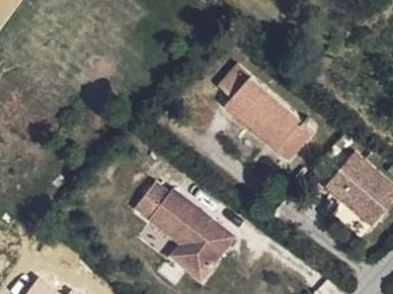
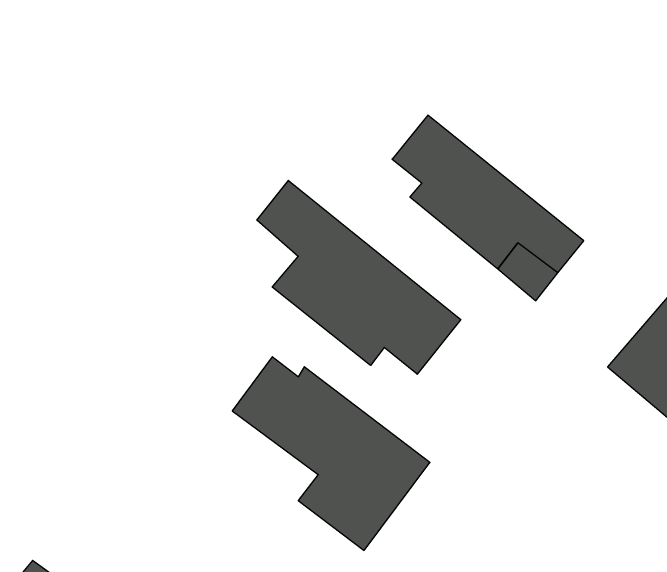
building: none -> [257,180,461,374]

